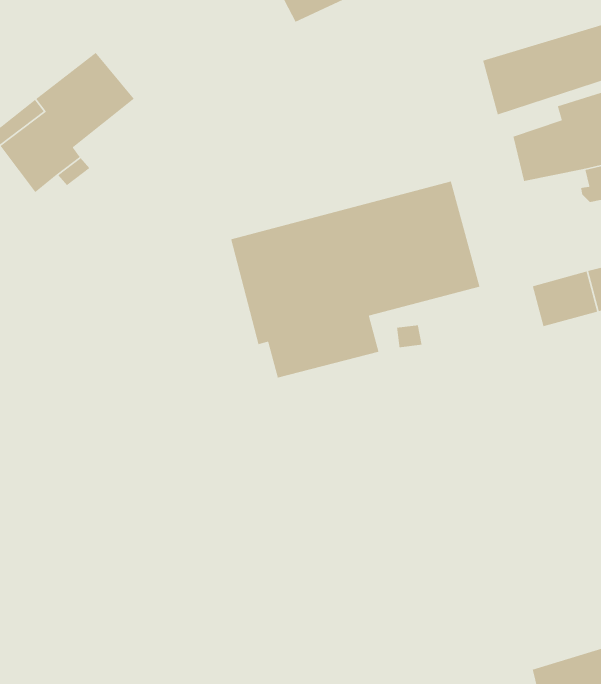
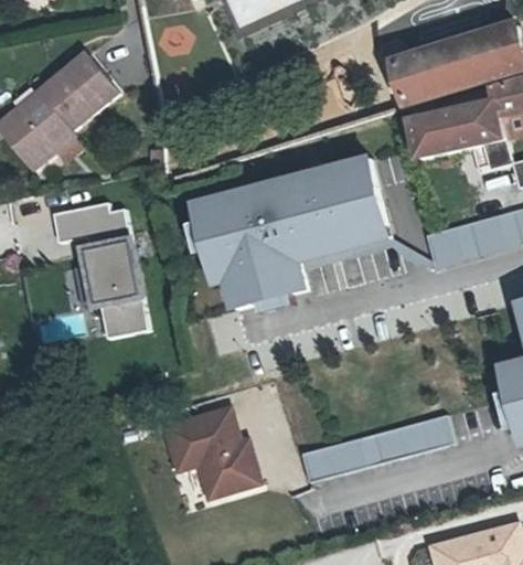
building: none -> [51,201,149,337]
building: none -> [167,408,259,495]
building: none -> [303,414,457,482]

